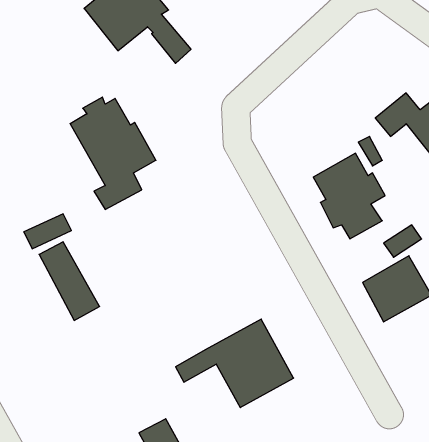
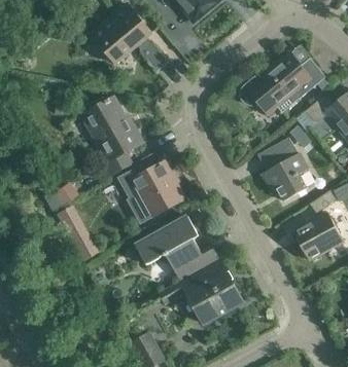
building: none -> [241,53,325,115]
building: none -> [118,162,185,223]
building: none -> [135,216,219,282]

